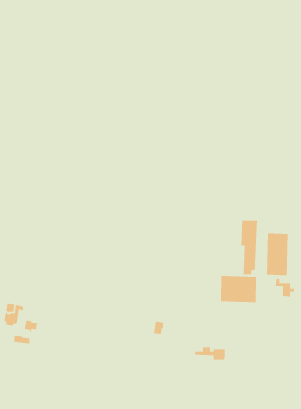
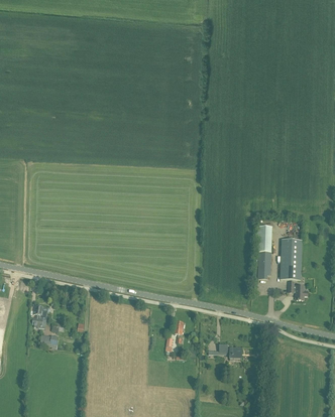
building: [220,275,257,303] -> none

